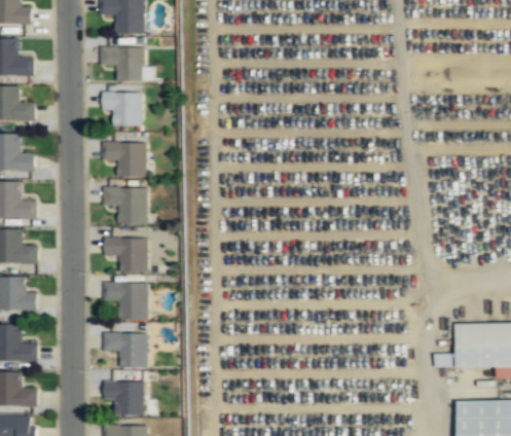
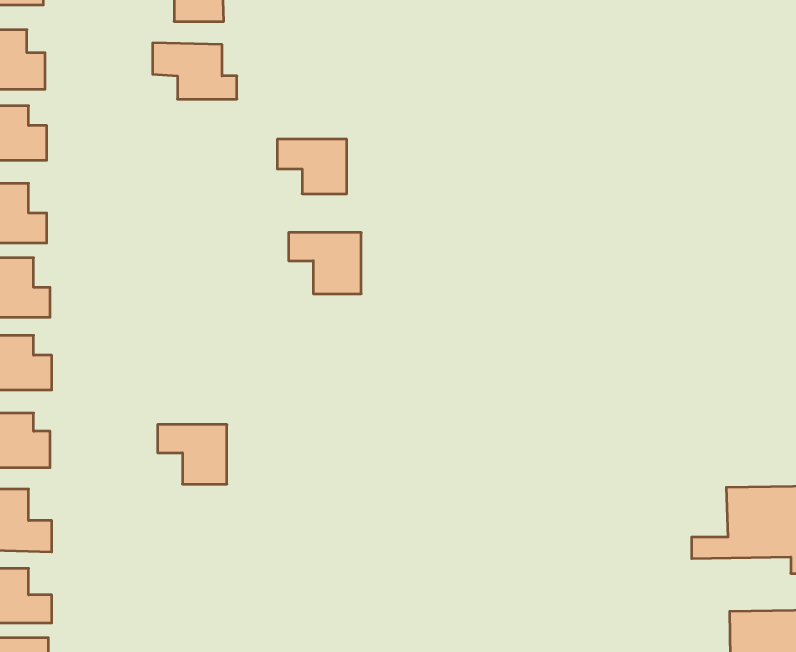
building: [102,93,141,126] -> none
building: [102,143,145,177] -> [277,139,347,194]
building: [102,188,147,226] -> [289,233,361,294]
building: [103,239,146,272] -> none
building: [103,334,146,368] -> none
building: [103,383,143,416] -> none

